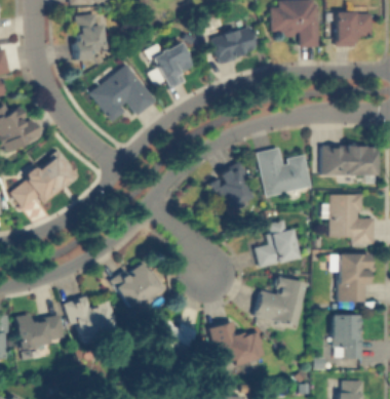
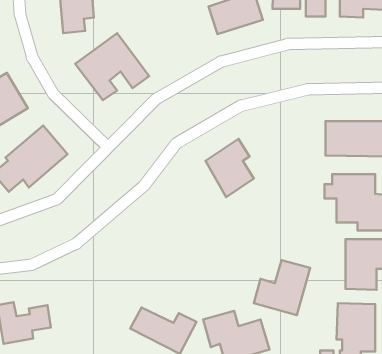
building: [152,39,197,88] -> none
building: [257,147,311,195] -> none
building: [257,220,301,270] -> none
building: [111,258,164,310] -> none
building: [64,295,123,350] -> none

